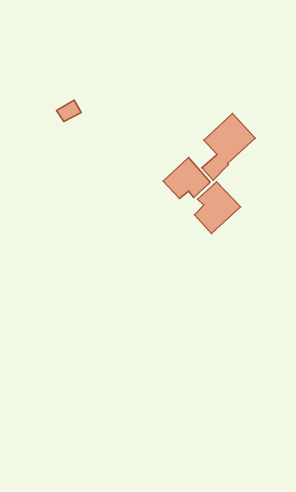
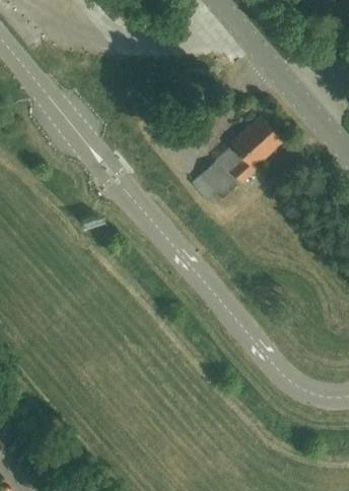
building: [195,182,241,234] -> none

